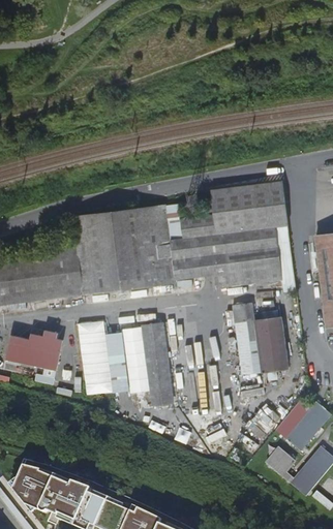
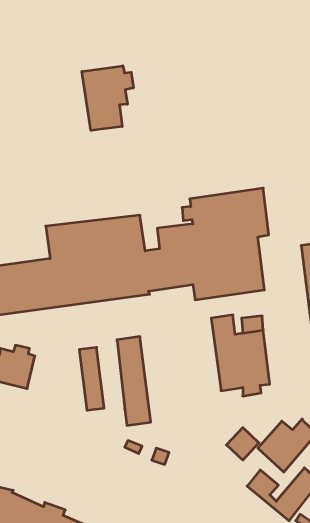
building: none -> [82,66,133,130]
building: [78,321,113,396] -> none
building: [122,326,149,394] -> none

